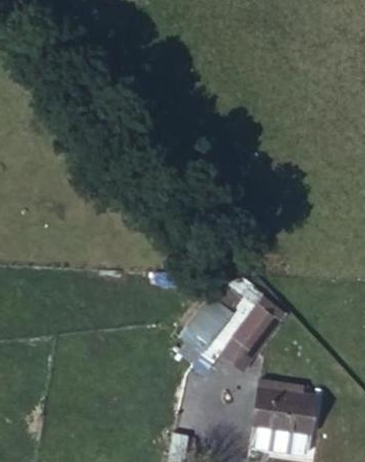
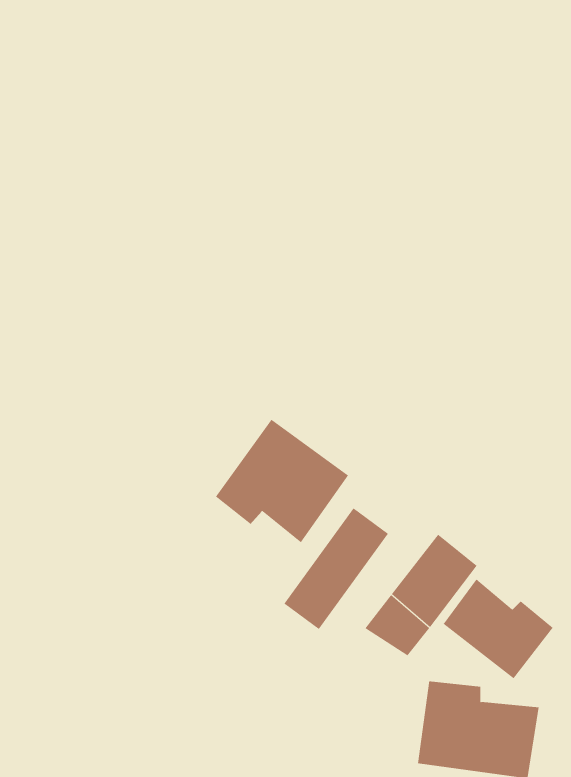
building: none -> [215,419,349,543]
building: none -> [443,579,554,679]

